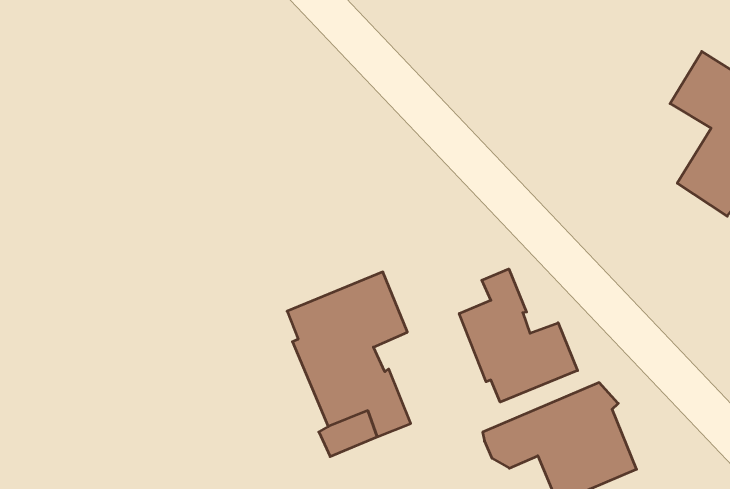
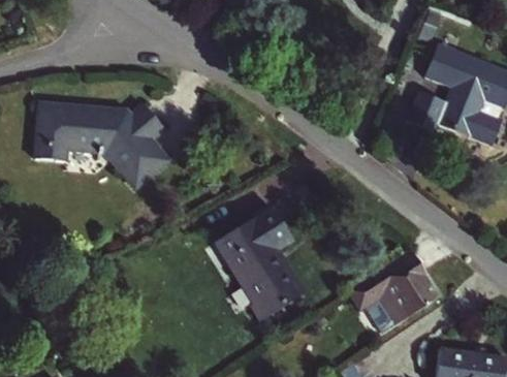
building: none -> [36,104,169,189]
building: [459,269,578,402] -> none

